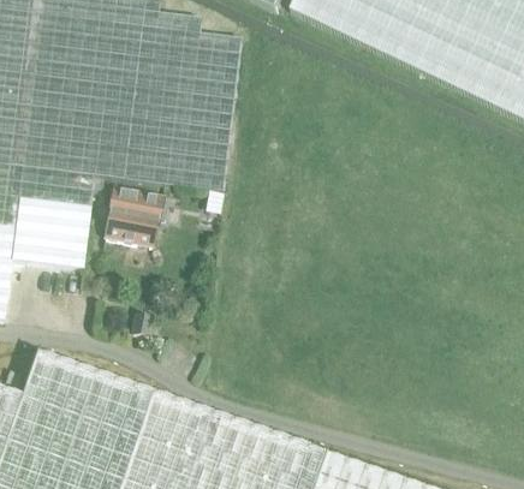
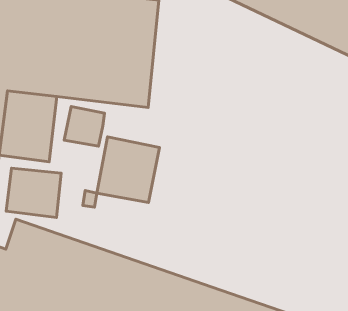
building: none -> [97,137,160,203]
building: none -> [6,168,61,217]

